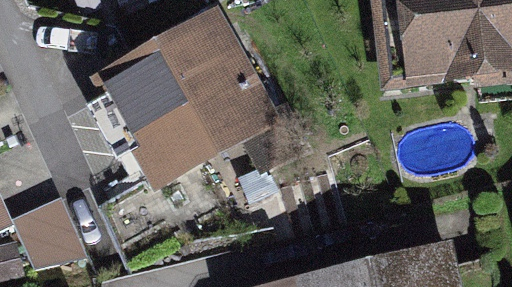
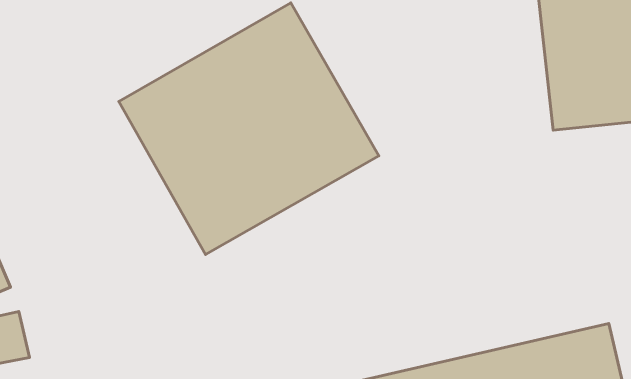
building: [11,187,85,261] -> none

